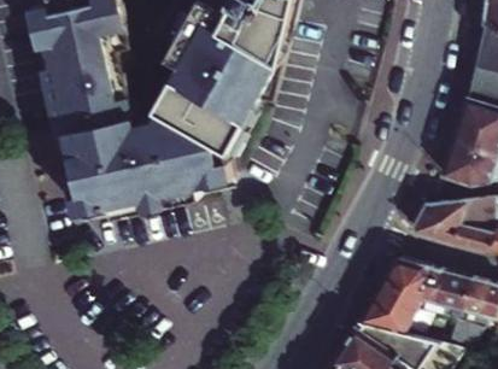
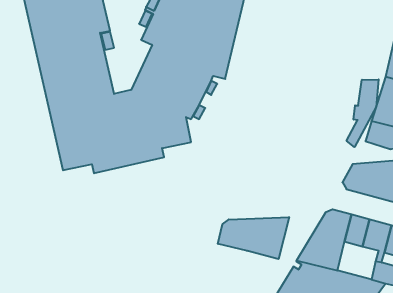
building: none -> [347,79,379,147]
building: none -> [218,217,289,259]

